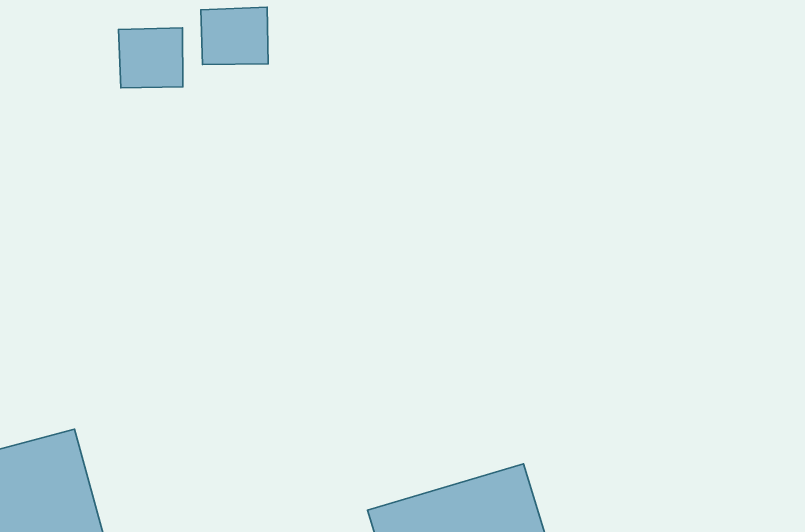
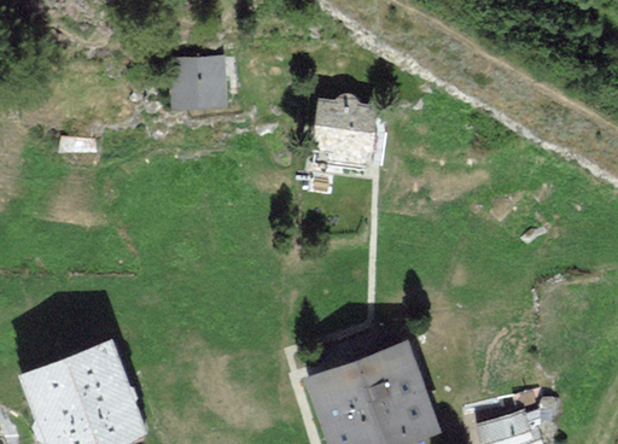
building: [118,28,183,88] -> none
building: none -> [309,100,384,163]

